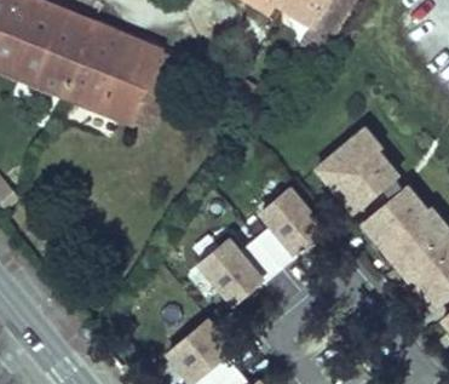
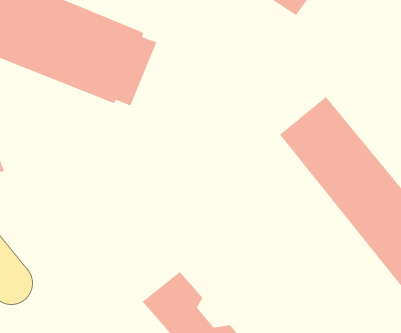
building: [191,180,320,304] -> none

